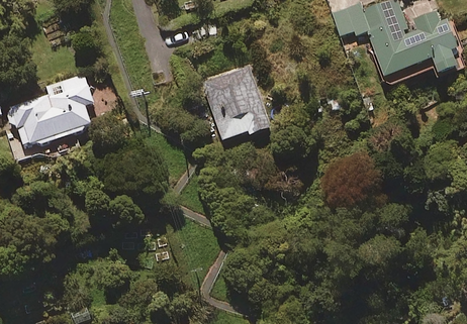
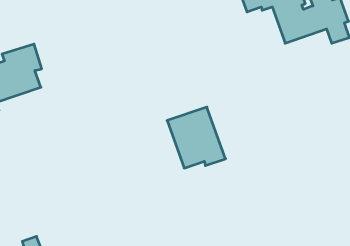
building: [202,67,272,139] -> [167,107,226,168]

